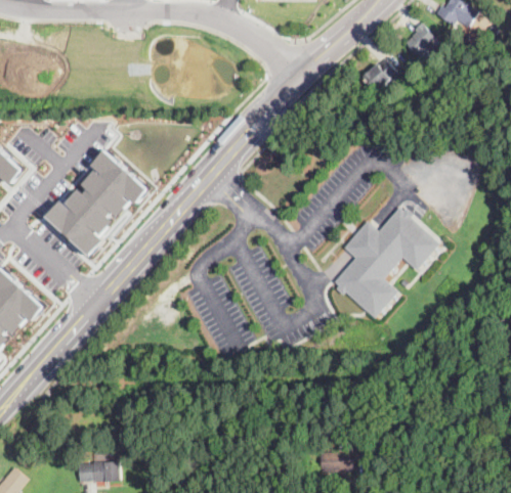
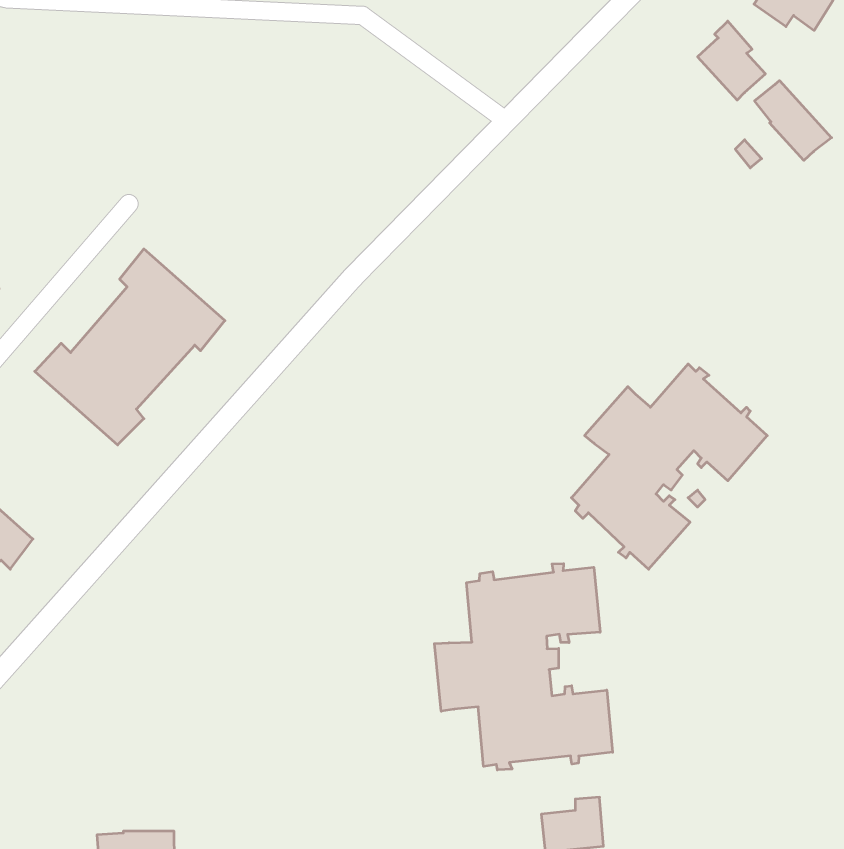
building: none -> [755,81,832,160]
building: [361,58,396,92] -> none
building: none -> [434,564,613,770]

